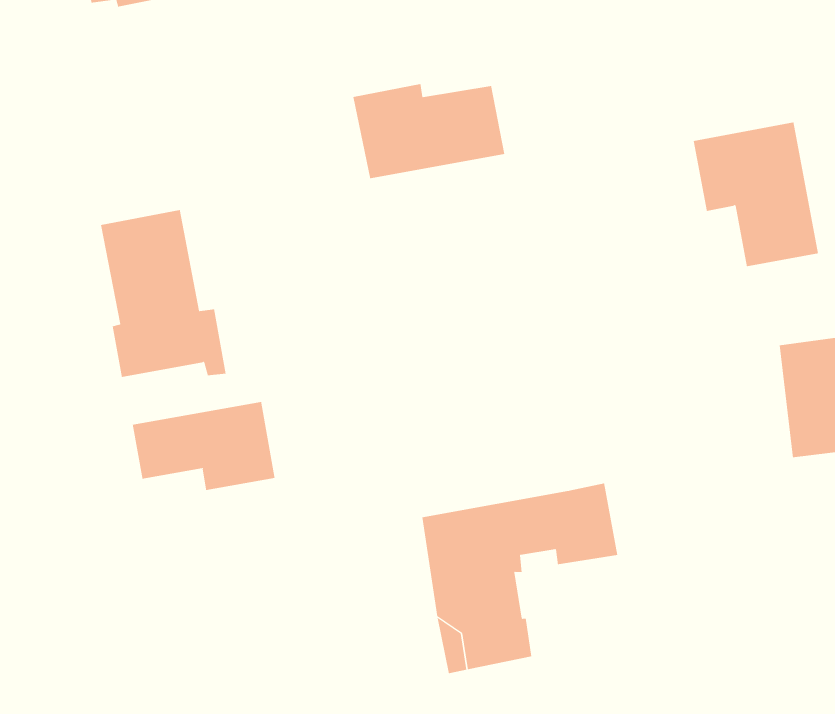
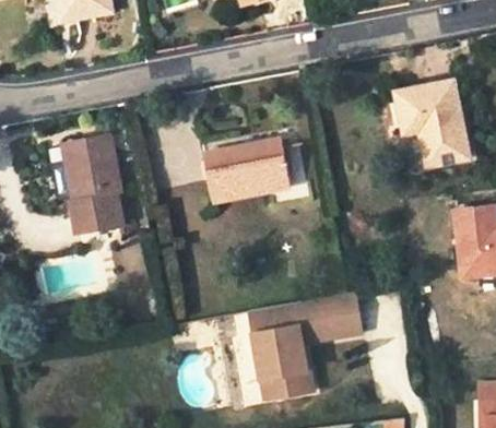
building: [352,83,505,179] -> [201,144,288,199]
building: [132,401,275,491] -> none

